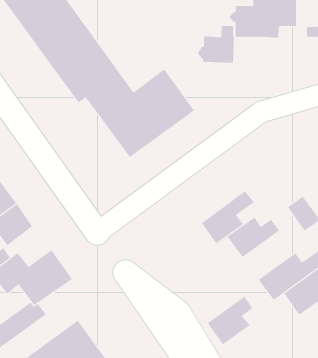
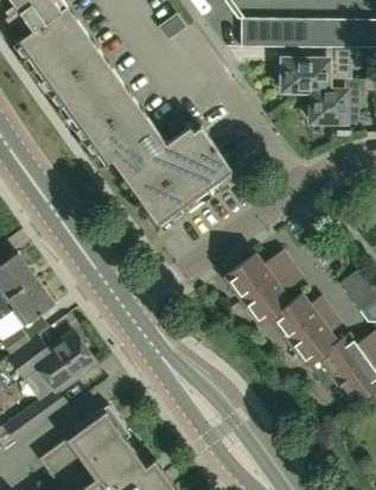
building: [197,25,235,63] -> [304,78,346,121]
building: none -> [224,249,292,300]
building: [207,296,260,345] -> [288,308,349,364]

